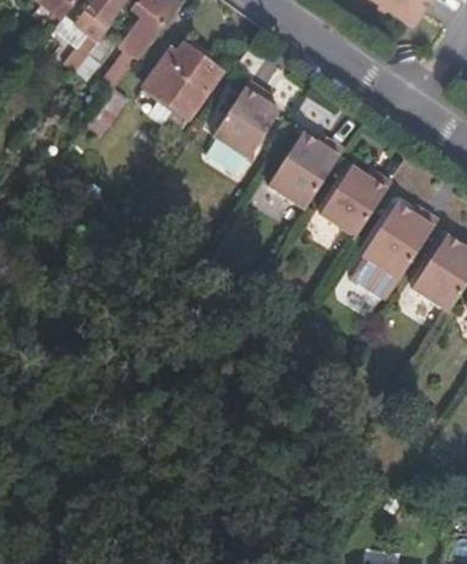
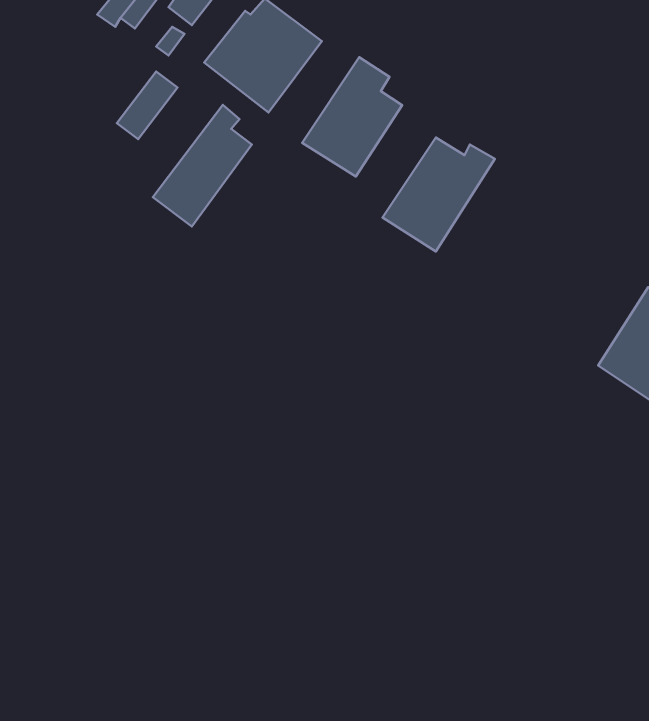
building: none -> [153,105,252,227]
building: [317,165,391,239] -> none
building: [362,204,437,279] -> none

